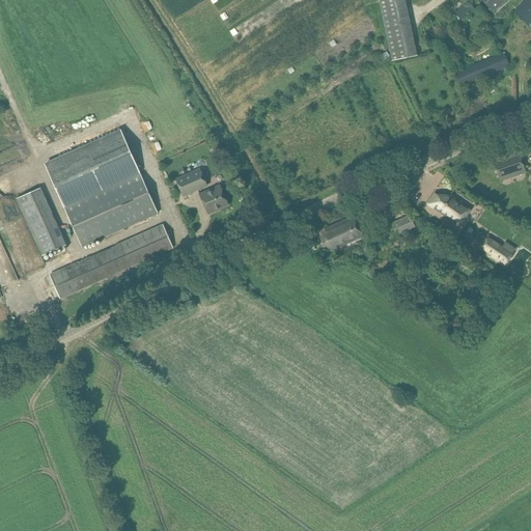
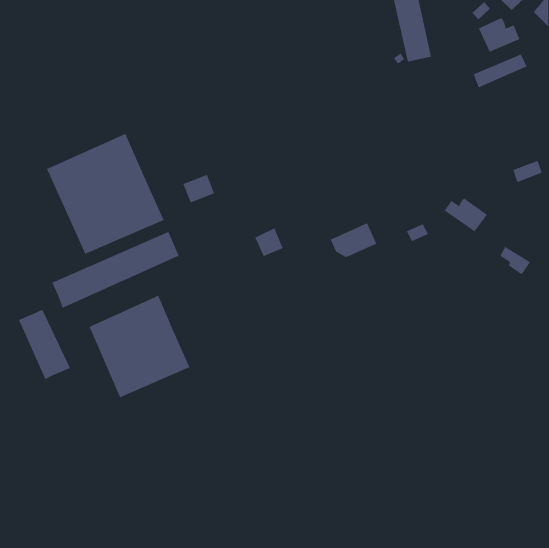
building: none -> [478,17,520,52]
building: [200,185,228,213] -> [255,228,284,257]
building: [17,187,67,255] -> [18,309,71,380]
building: none -> [89,295,190,398]

